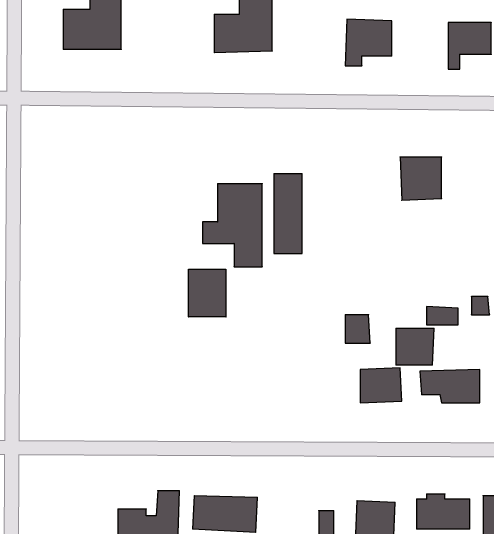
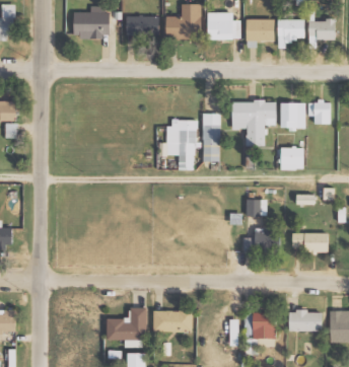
building: none -> [207,12,239,40]
building: none -> [126,15,156,36]
building: none -> [277,19,304,49]
building: none -> [231,100,276,146]
building: none -> [306,100,330,124]
building: [189,269,226,317] -> none
building: [396,328,434,365] -> [280,147,303,169]

